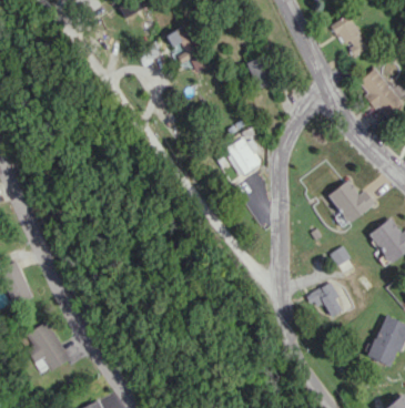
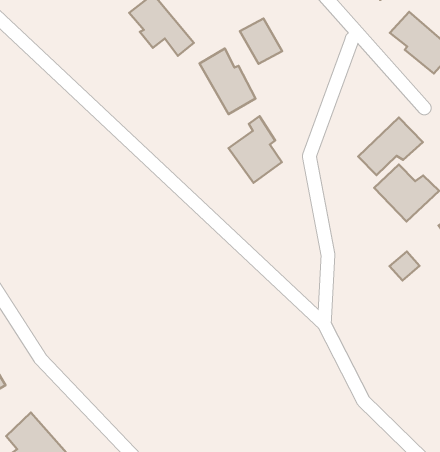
building: none -> [200,49,256,114]
building: none -> [358,118,423,175]
building: [306,282,342,317] -> none

